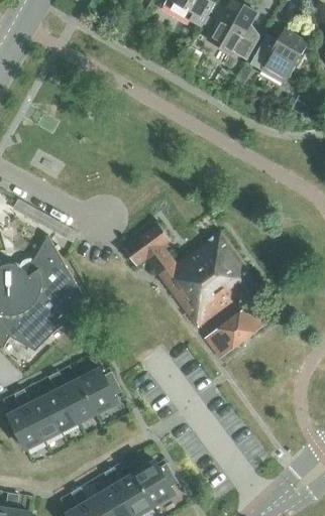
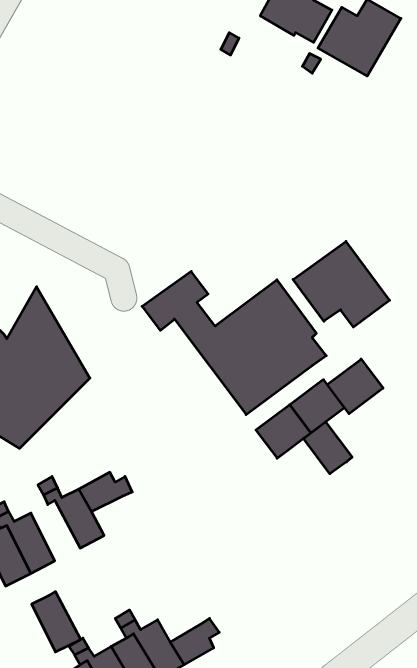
building: none -> [293,241,390,327]
building: none -> [327,359,383,414]
building: none -> [303,422,352,474]
building: [87,382,122,413] -> none
building: [43,388,79,431] -> [32,592,81,652]
building: [134,461,172,490] -> none

